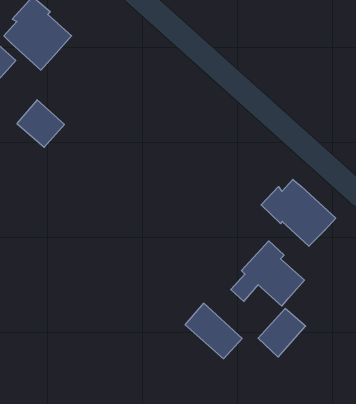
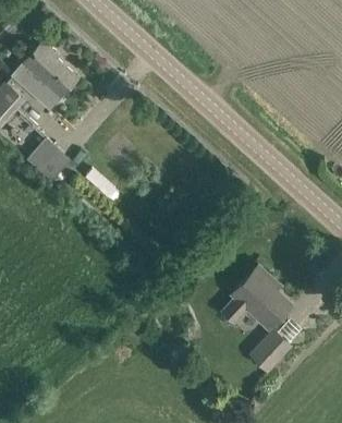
building: [261,179,336,246] -> none
building: [185,303,242,359] -> none

